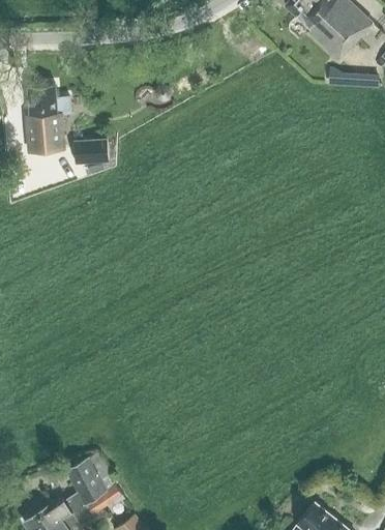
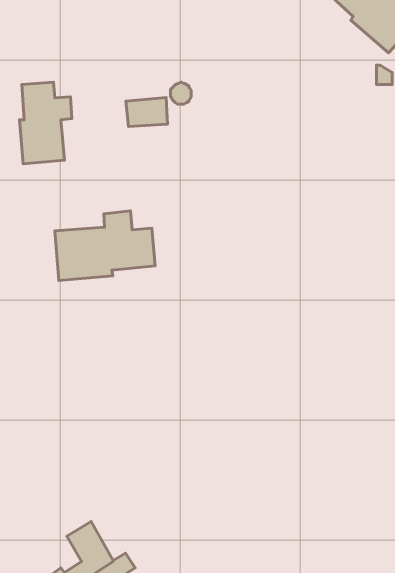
building: [73,139,109,164] -> [126,97,167,127]
building: none -> [55,211,155,281]

